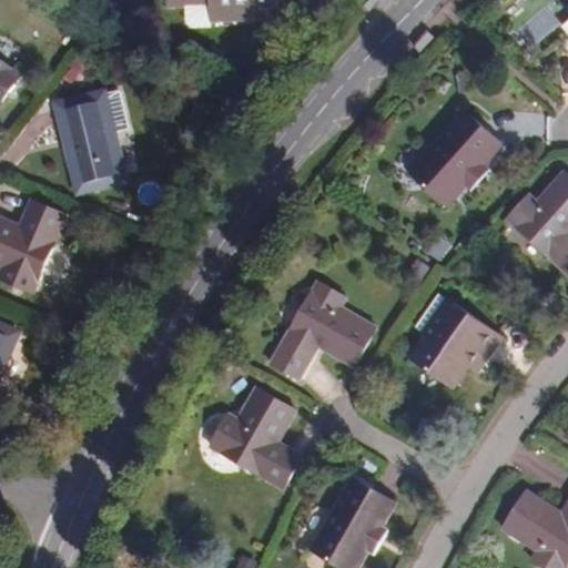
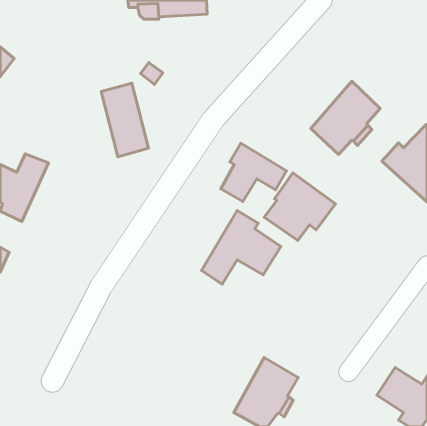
building: [57,94,120,192] -> [101,83,149,157]
building: none -> [221,143,286,202]
building: [406,295,500,385] -> [264,173,335,241]
building: [209,386,298,488] -> none

